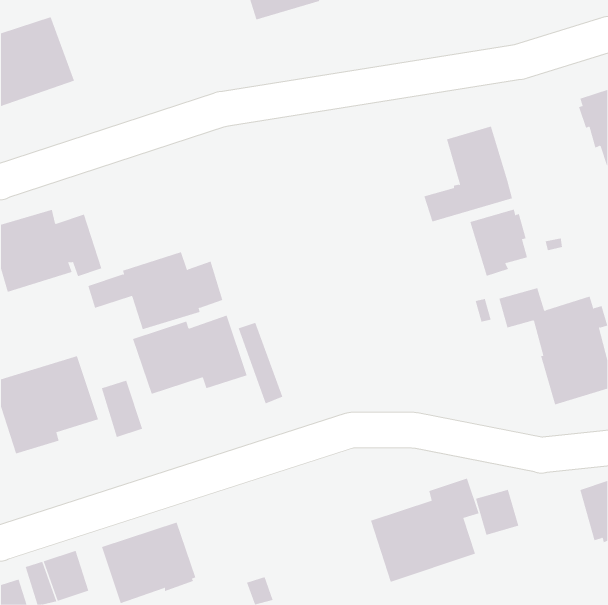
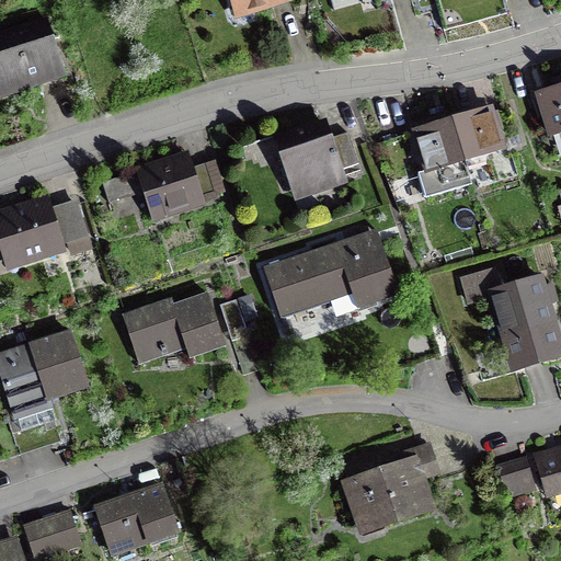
building: none -> [273,117,358,201]
building: [469,209,528,276] -> [453,104,506,167]
building: none -> [263,226,400,319]
building: [88,251,223,330] -> [102,149,227,221]
building: [101,380,143,438] -> none
building: [475,489,519,535] -> [496,455,537,497]

